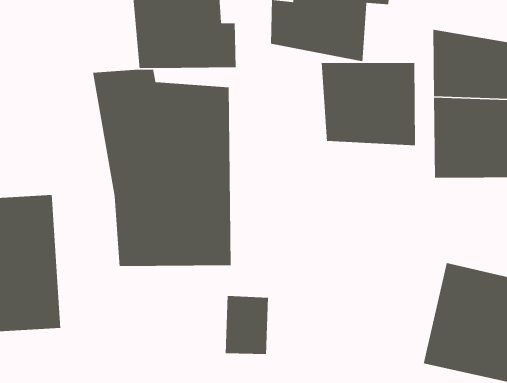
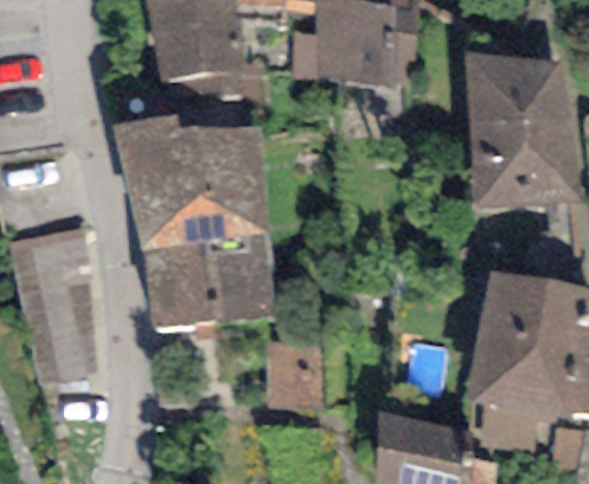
building: [321,62,416,146] -> none

